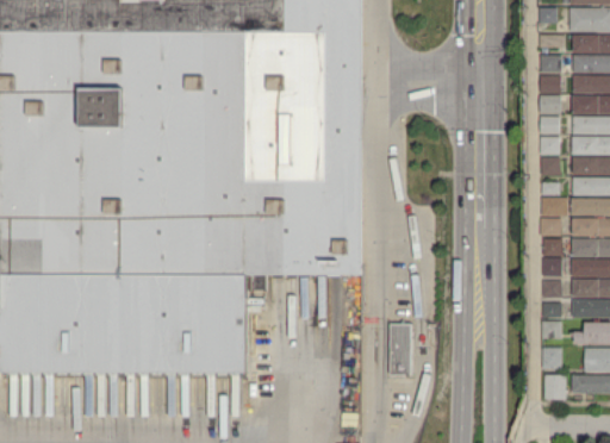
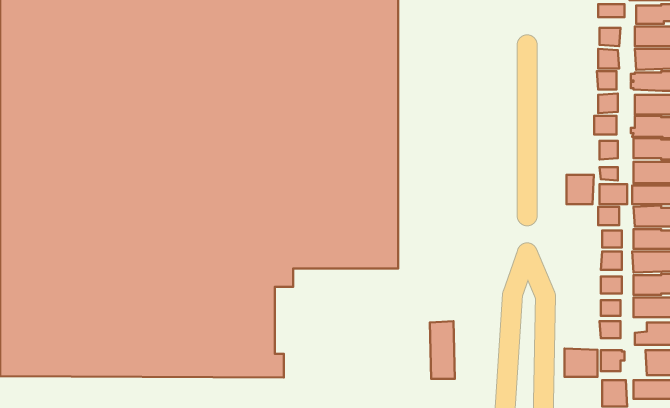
building: none -> [567,175,594,204]
building: none -> [564,348,597,377]

